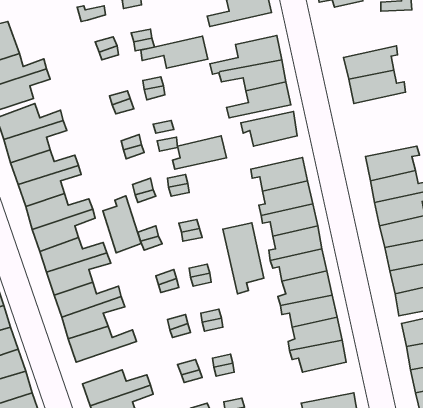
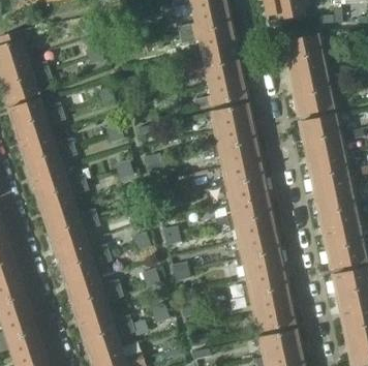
building: none -> [283,33,330,60]
building: [141,36,208,68] -> [180,24,234,50]
building: none -> [296,88,339,115]
building: none -> [301,114,346,140]
building: [172,136,226,169] -> [211,123,254,150]
building: [103,196,141,253] -> none
building: [223,223,264,294] -> none
building: none -> [72,288,123,323]
building: none -> [250,305,294,333]

